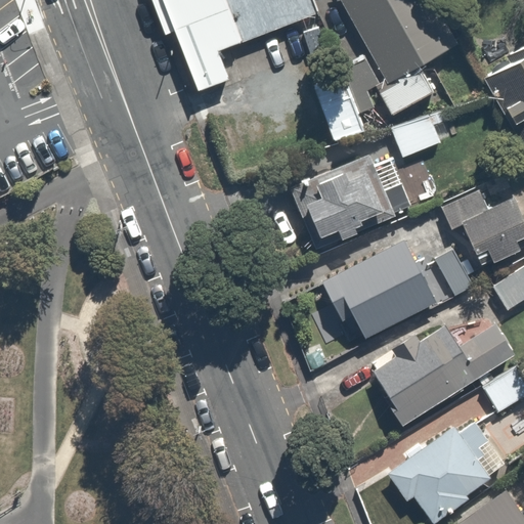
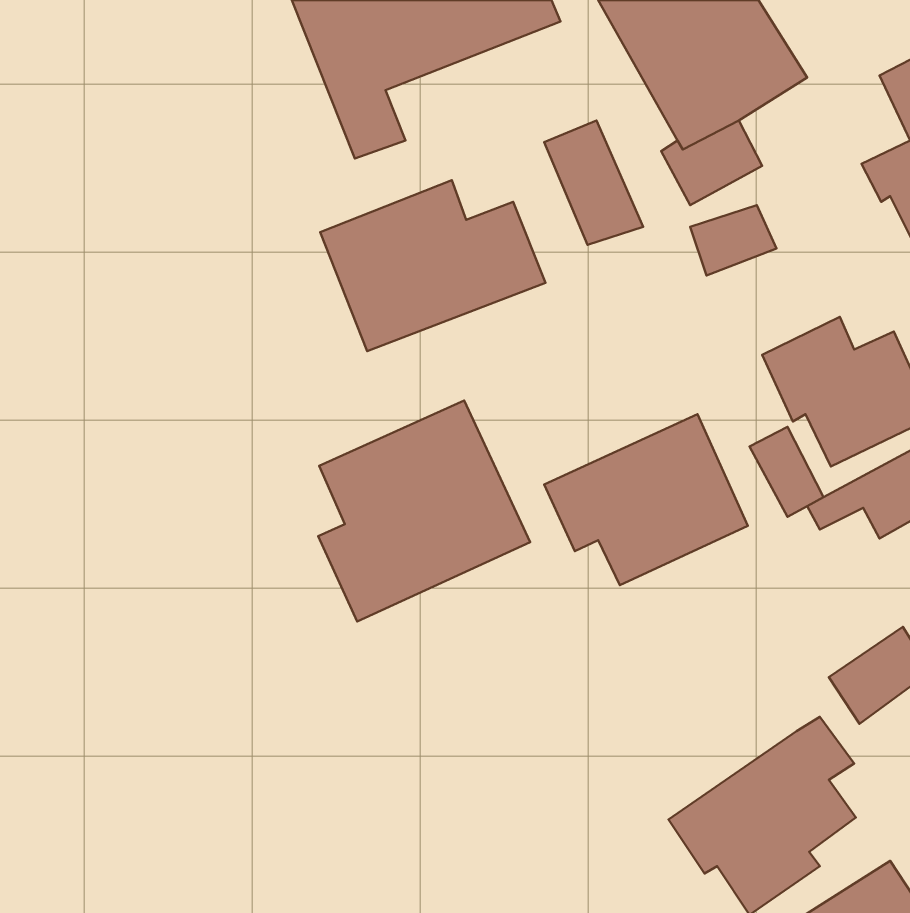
building: [291,154,419,251] -> [320,180,546,351]
building: none -> [318,400,530,621]
building: [369,321,515,426] -> none

